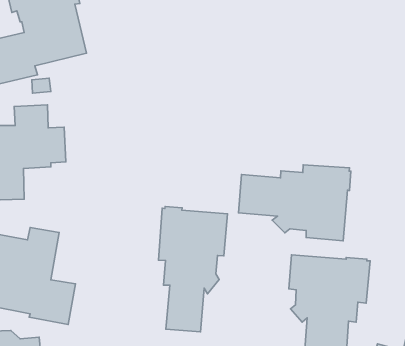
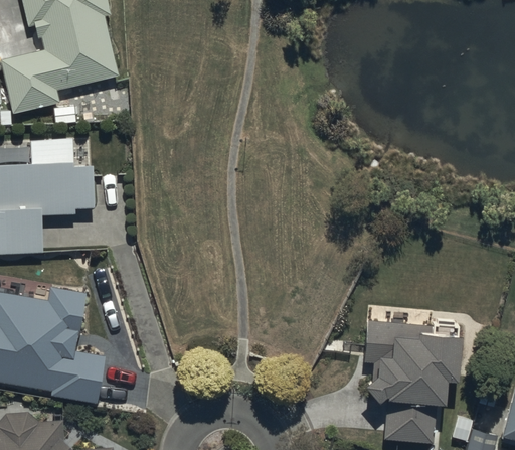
building: [238,165,351,241] -> none
building: [159,207,227,332] -> none

